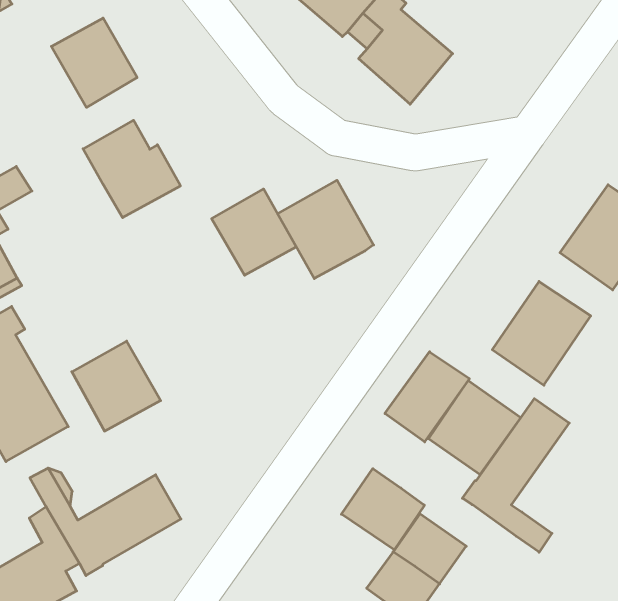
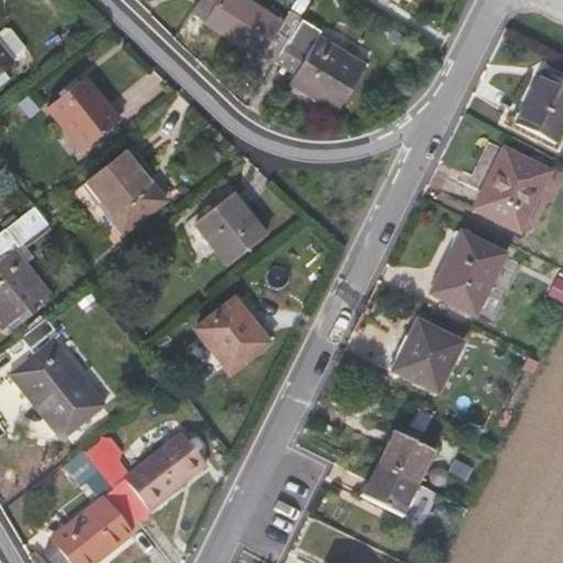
building: [278,180,374,279] -> none
building: [72,341,161,431] -> [196,298,269,372]
building: [385,352,469,442] -> none
building: [462,399,569,552] -> none
building: [341,469,424,550] -> none

